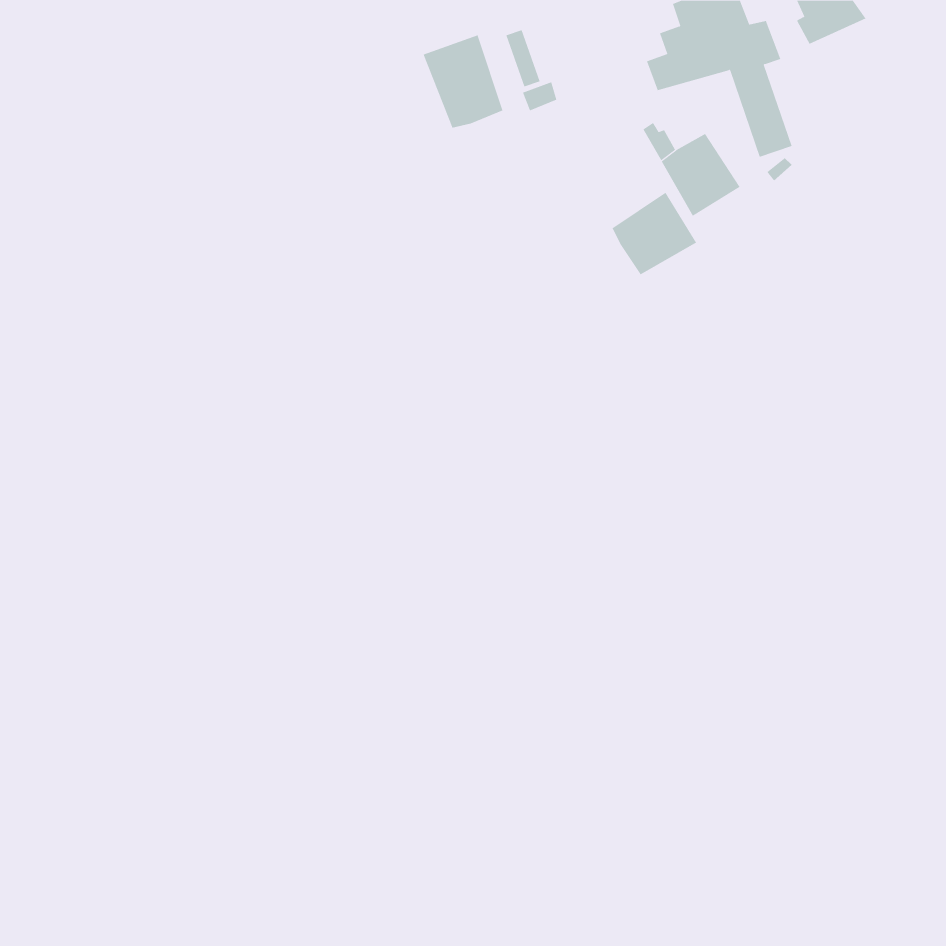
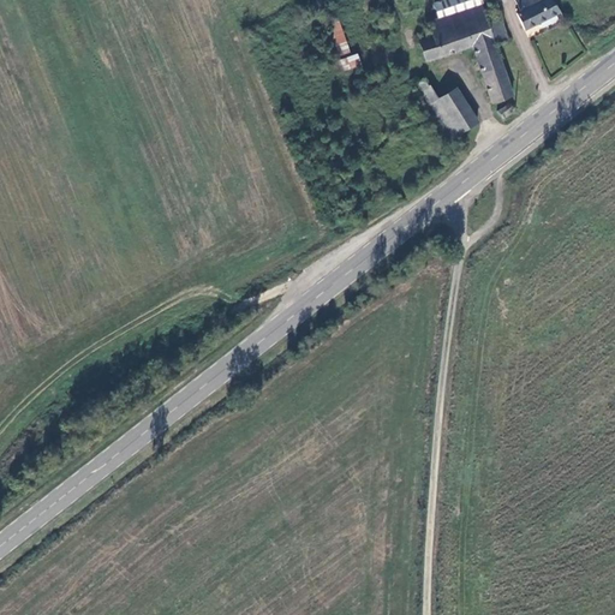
building: [423,34,503,129] -> none
building: [612,192,697,275] -> none

